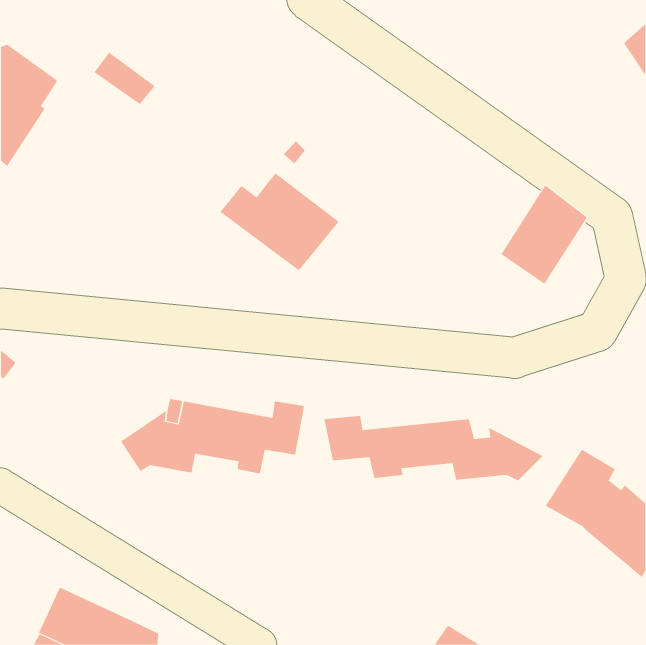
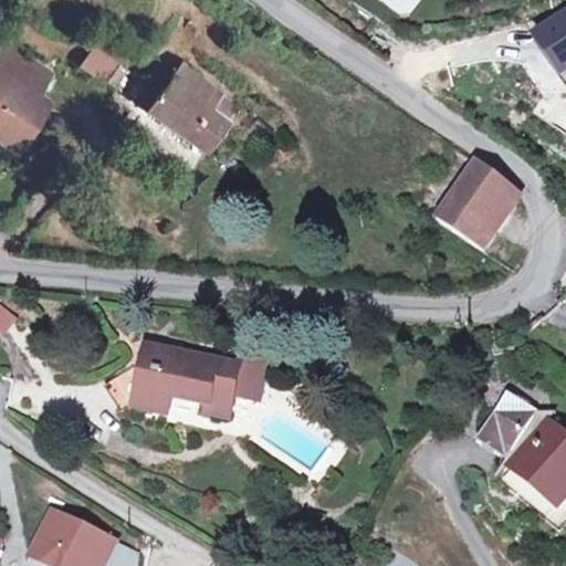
building: [220,173,340,271] -> [133,63,238,149]
building: [324,415,543,481] -> none

